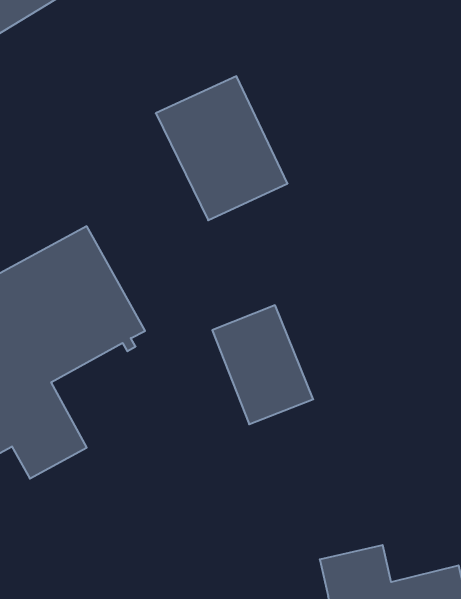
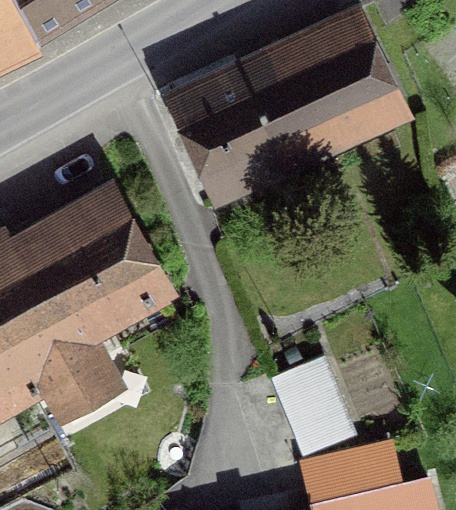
building: none -> [239,12,390,155]
building: [212,305,313,424] -> [271,353,356,453]

